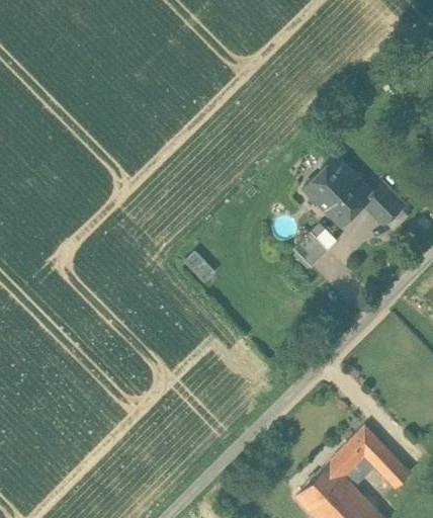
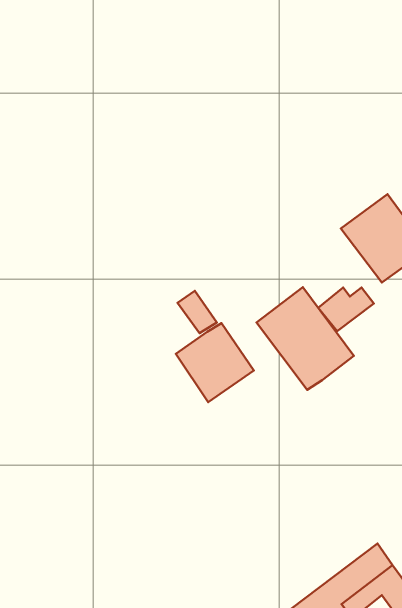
building: none -> [256,287,354,390]
building: none -> [176,323,254,402]

